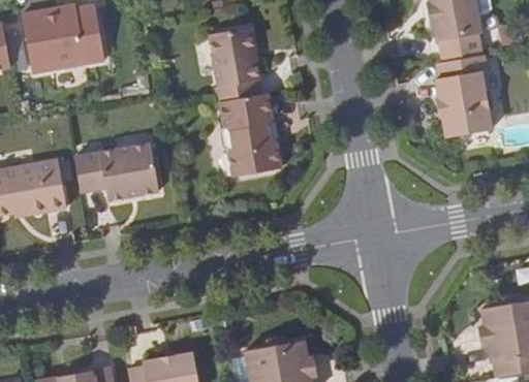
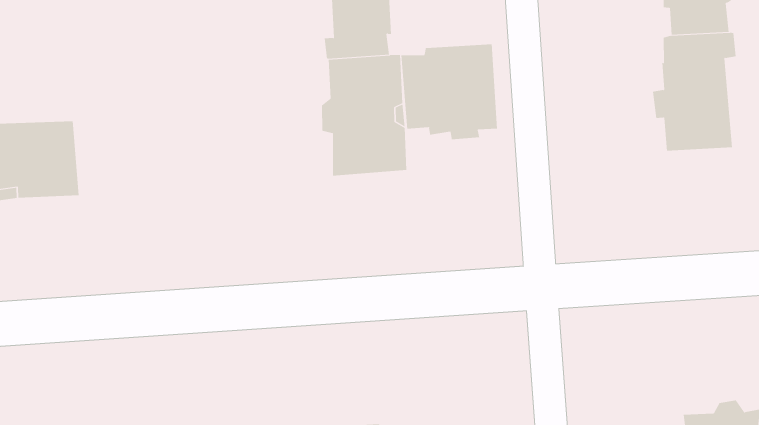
building: none -> [401,44,498,140]
building: [73,142,157,199] -> none

